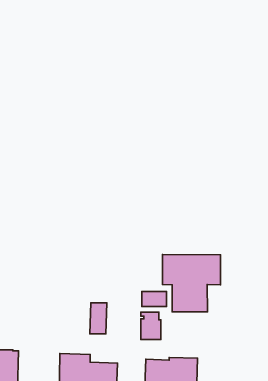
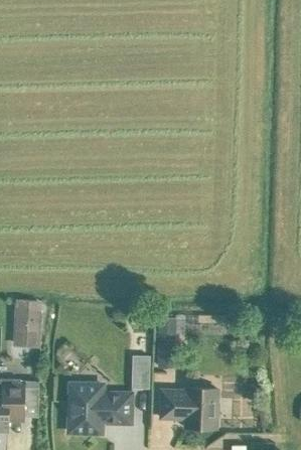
building: [163,255,221,312] -> none
building: none -> [14,307,39,346]
building: [90,303,107,334] -> [132,355,150,389]

